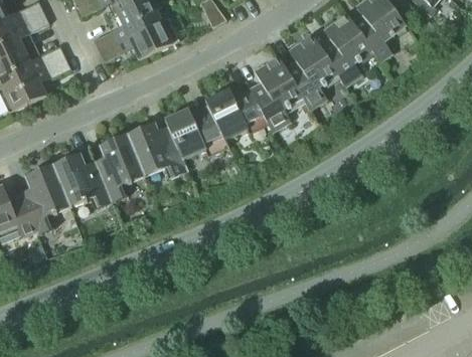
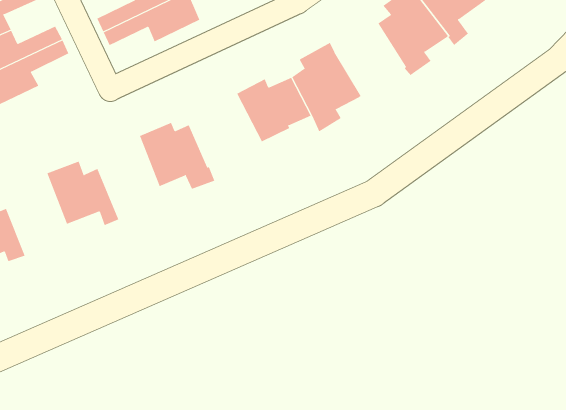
building: [284,37,340,110] -> none
building: [164,105,228,160] -> none
building: [93,135,142,202] -> none
building: [19,165,67,234] -> none

